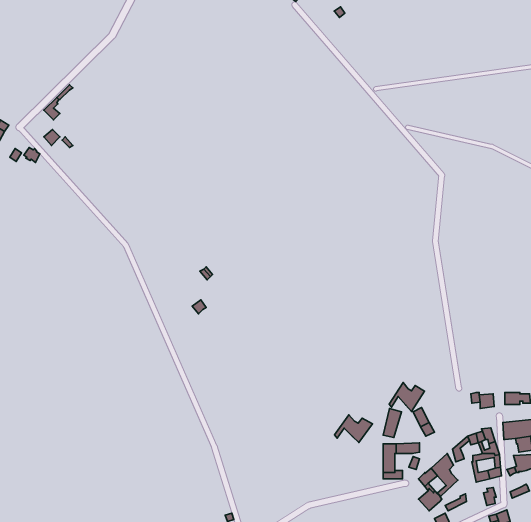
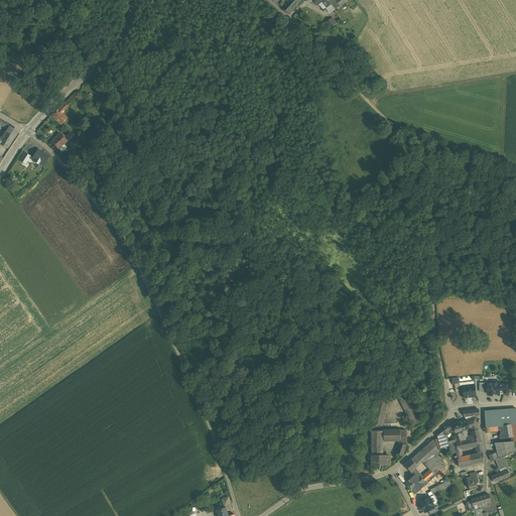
building: [389,382,425,411] -> none
building: [335,415,372,443] -> none

